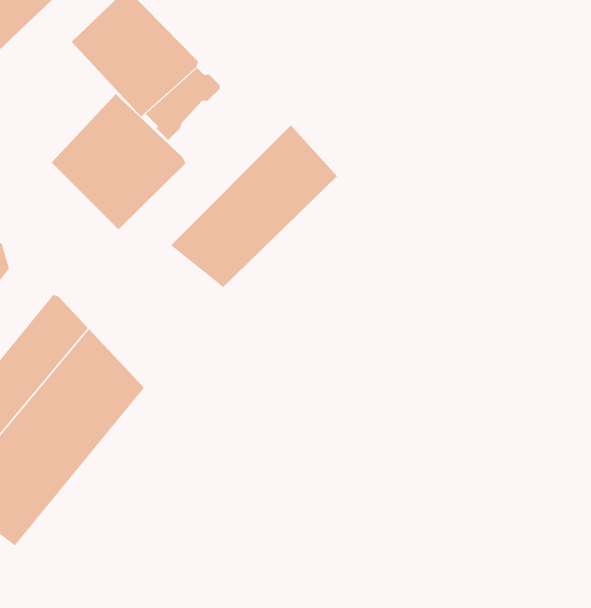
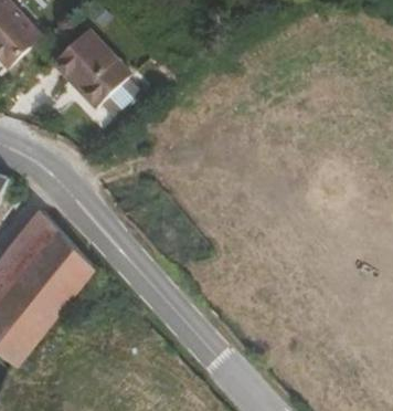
building: [51,93,186,230] -> none
building: [170,125,338,288] -> none

